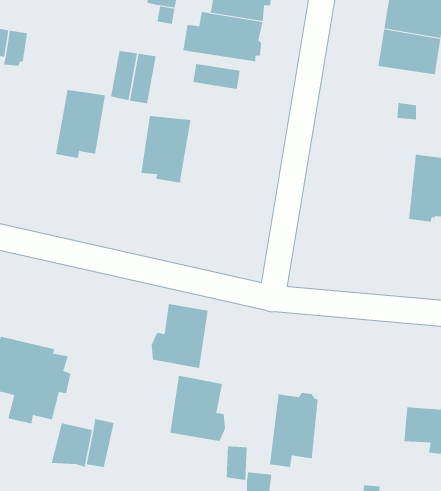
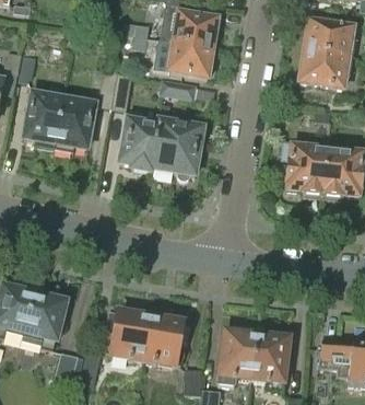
building: none -> [24,91,64,147]
building: none -> [151,102,202,177]
building: none -> [280,137,328,196]
building: [151,303,208,368] -> [105,309,149,358]
building: none -> [250,329,290,390]

